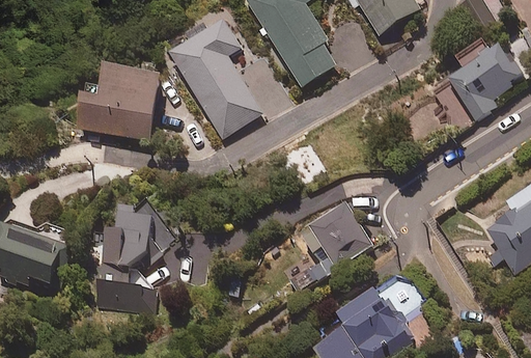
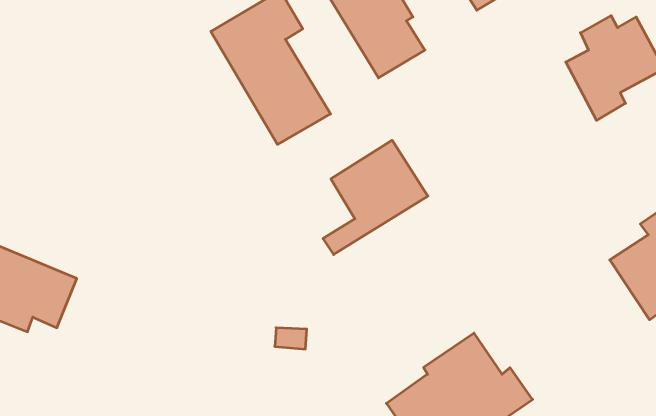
building: [74,61,161,140] -> none
building: [291,201,373,291] -> [323,140,428,255]
building: [82,203,152,313] -> none

